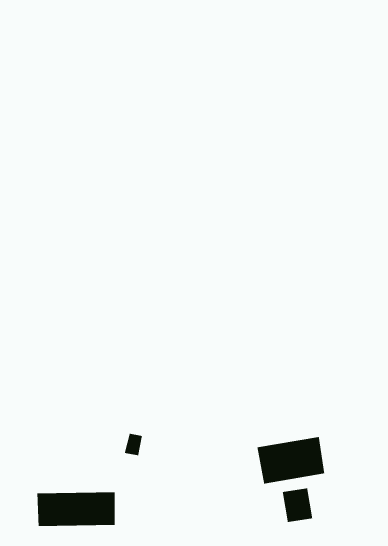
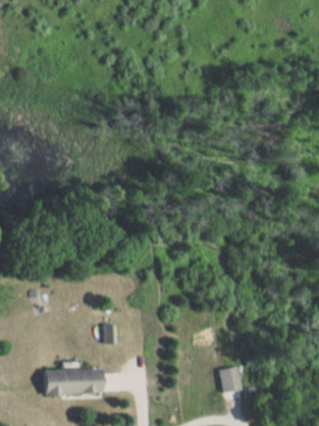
building: [257,436,325,485] -> none

